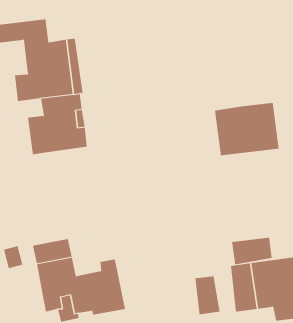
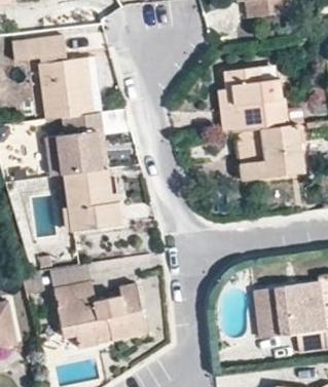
building: none -> [221,66,287,133]
building: none -> [64,169,124,233]
building: [232,237,272,265] -> none
building: [195,275,220,315] -> none

